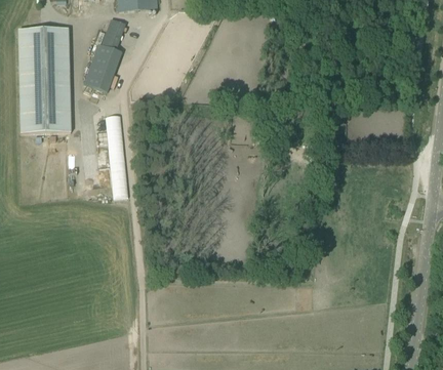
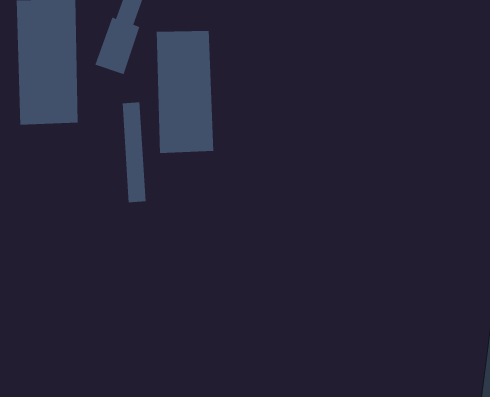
building: none -> [156,30,214,154]

